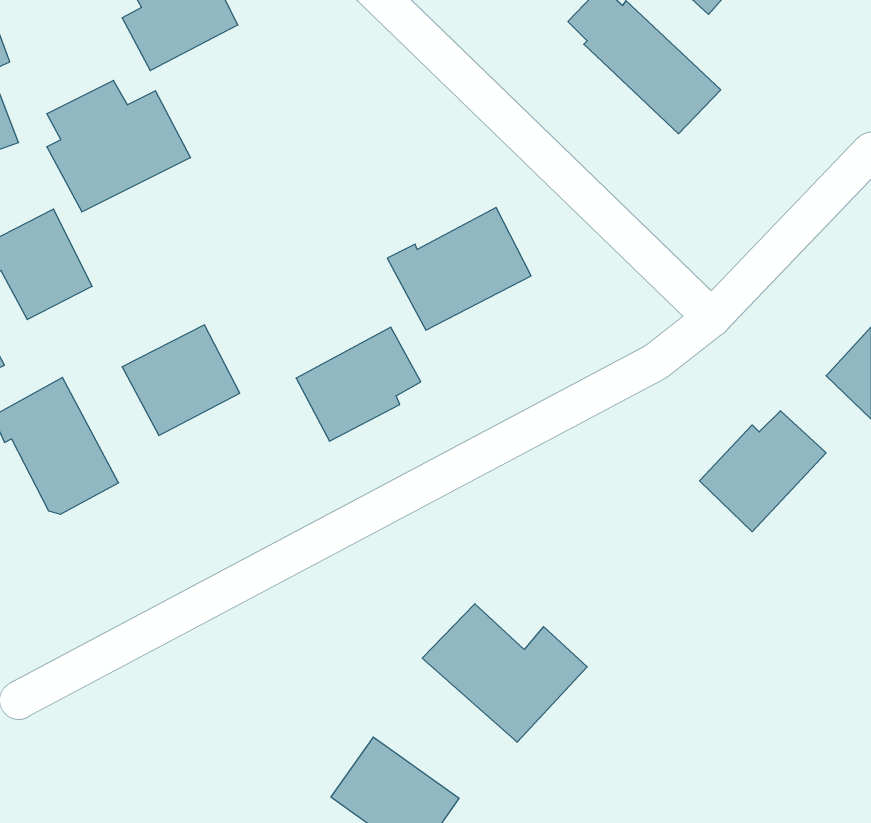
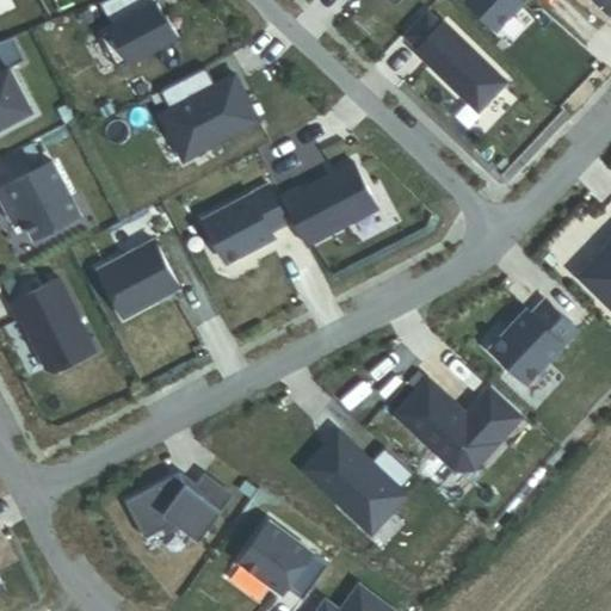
building: [47,80,191,212] -> [160,69,258,159]
building: [296,327,421,441] -> [203,186,288,264]
building: none -> [394,375,521,469]
building: none -> [124,474,230,541]

